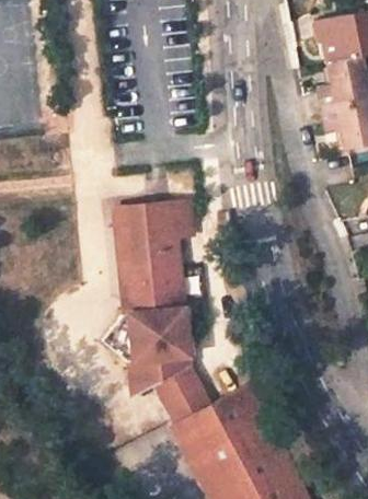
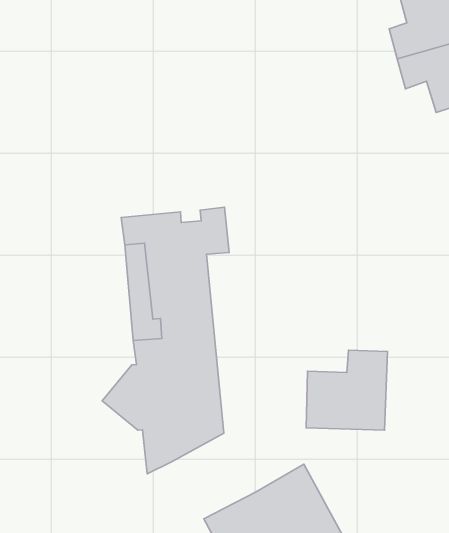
building: none -> [306,350,388,430]
building: [145,368,203,428] -> none

